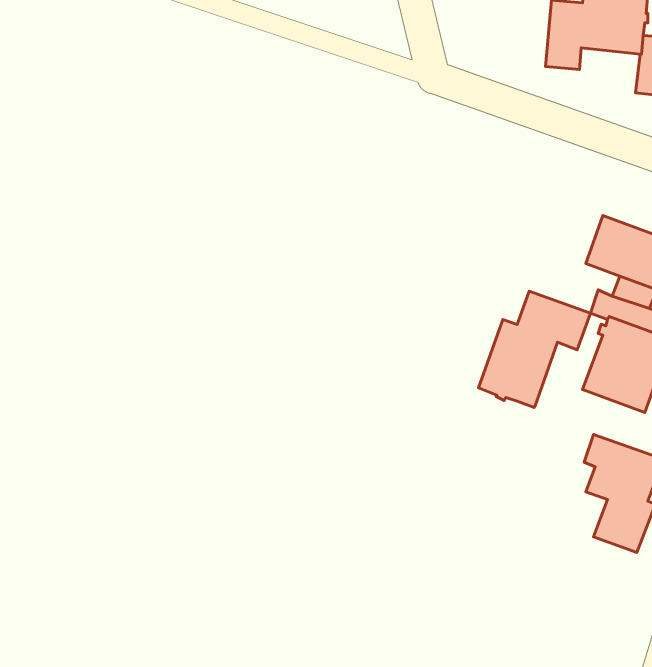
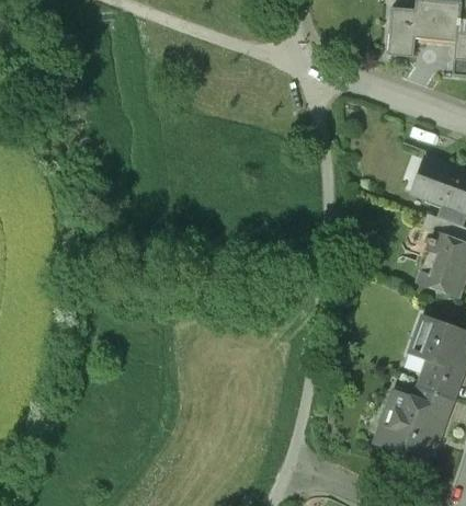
building: [478,291,590,408] -> none
building: none -> [382,386,453,459]

